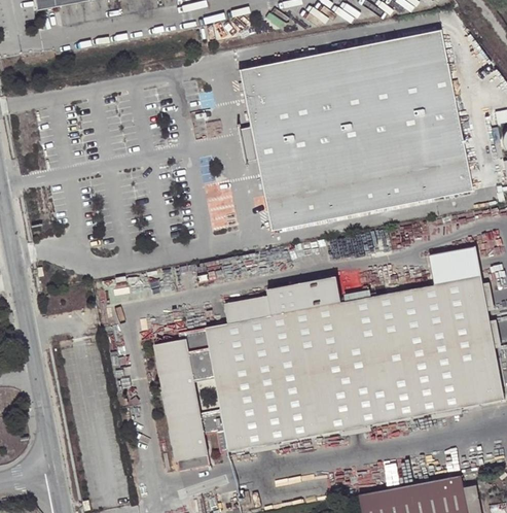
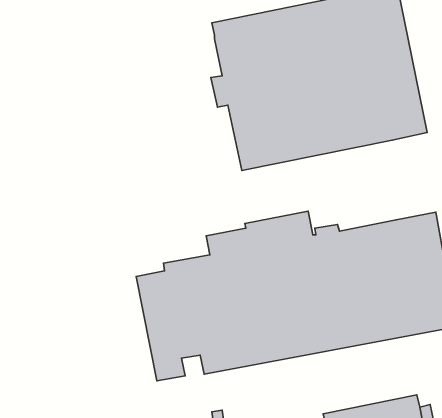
building: [432,246,481,284] -> none

